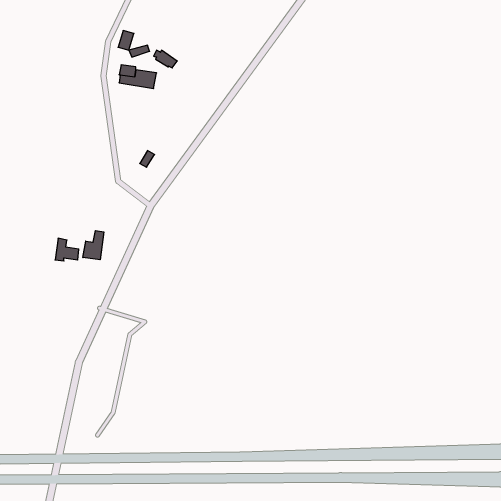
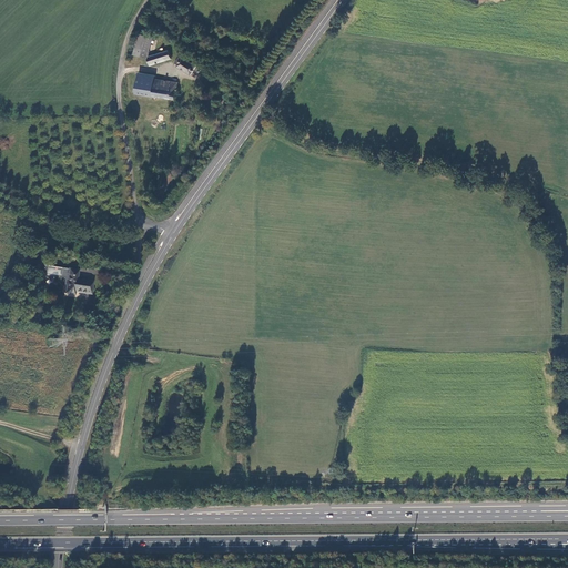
building: [83,231,104,260] -> none

